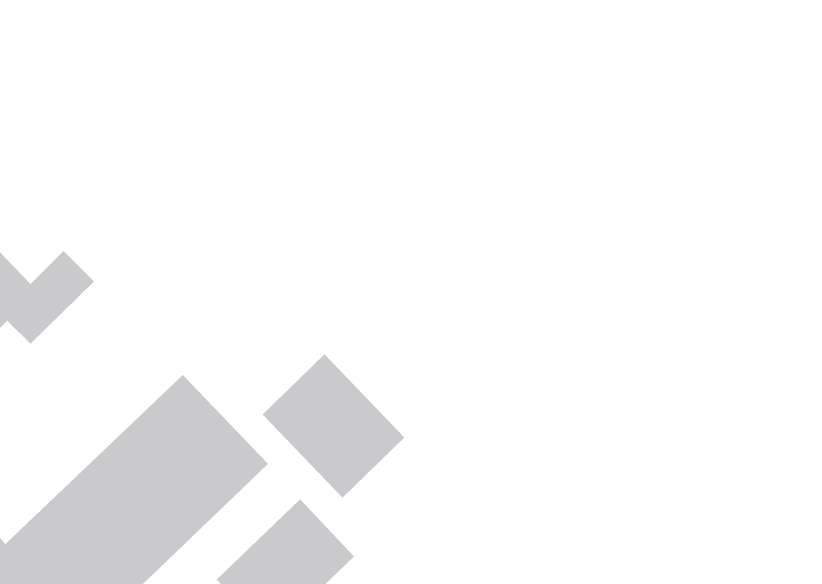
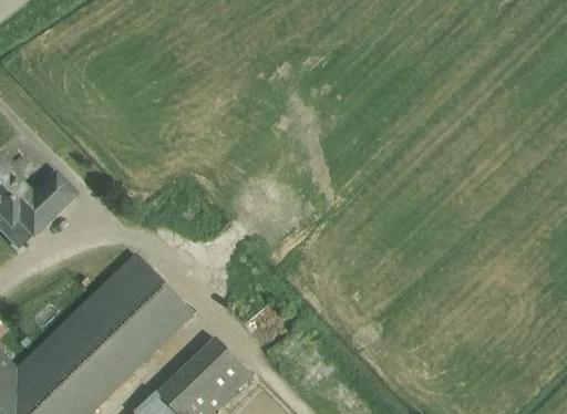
building: [262,353,405,498] -> none

